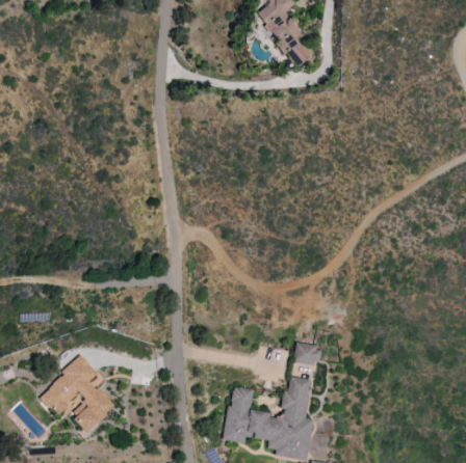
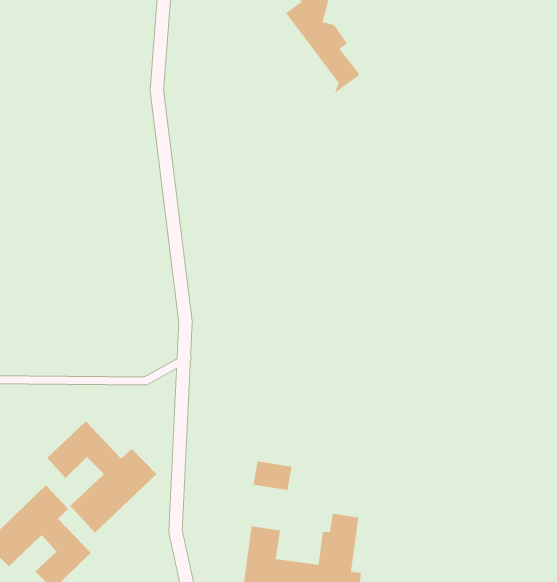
building: none -> [46,420,157,533]
building: [293,343,322,364] -> [253,461,292,491]

